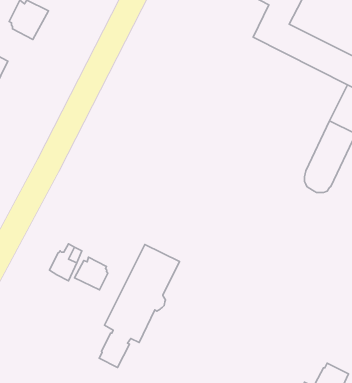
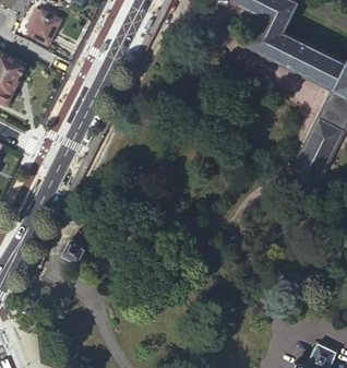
building: [99,244,179,367] -> none
building: [75,257,108,290] -> none

